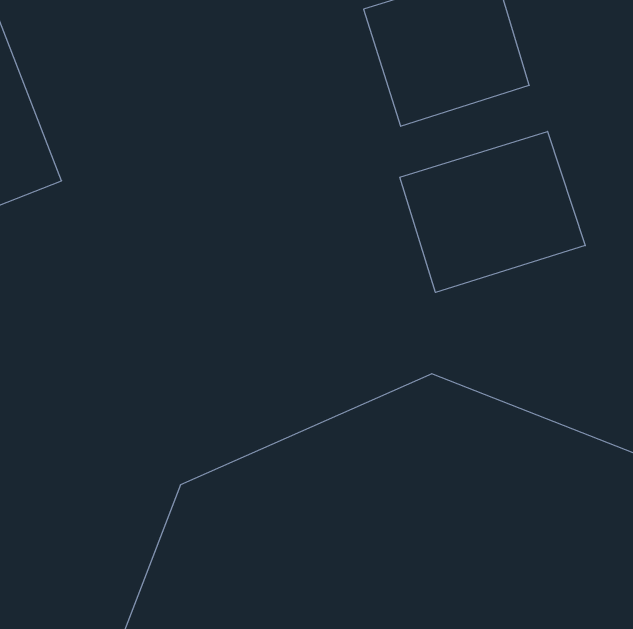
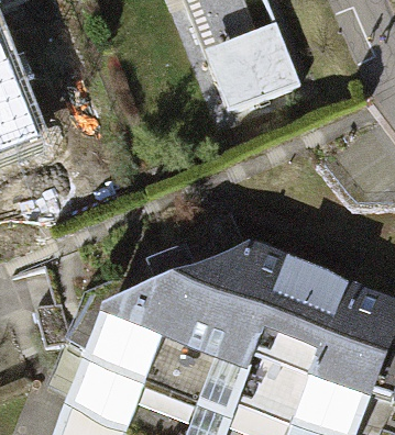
building: [400,131,585,292] -> none

